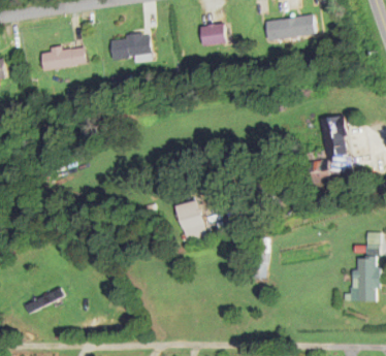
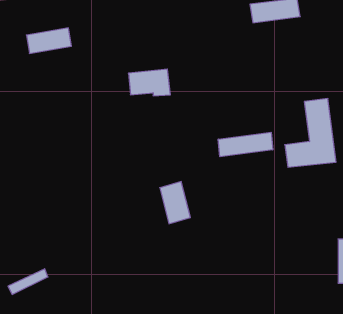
building: [201,23,227,45] -> none
building: [110,33,153,60] -> [128,69,170,96]
building: none -> [218,132,273,157]

